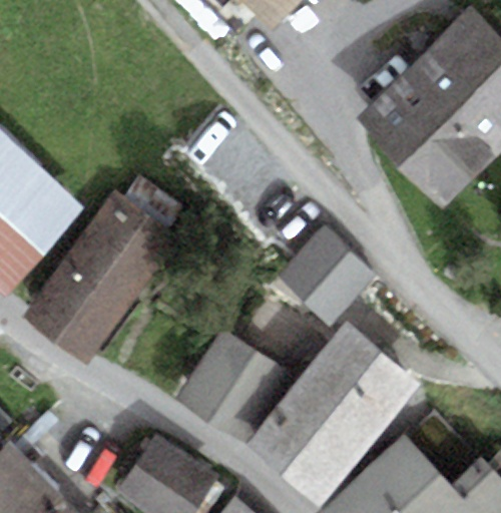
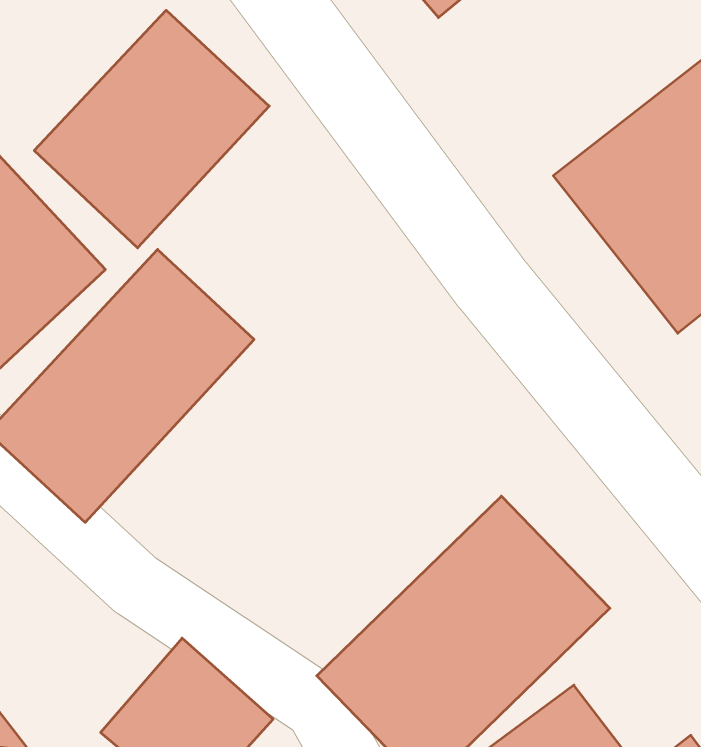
building: none -> [34,10,269,248]
building: [276,225,379,329] -> none
building: [177,328,283,437] -> none

